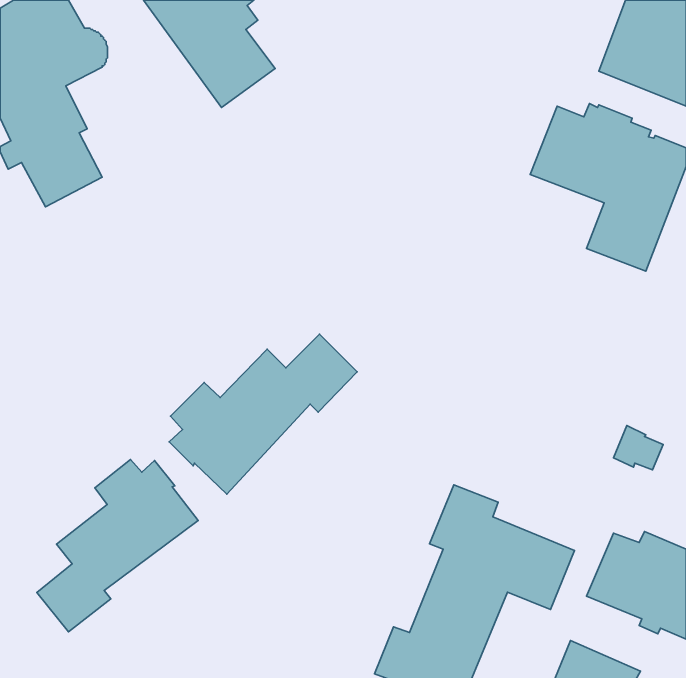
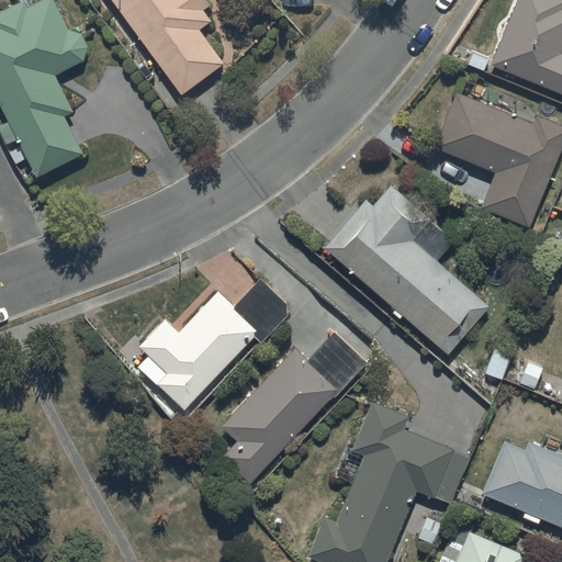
building: none -> [321,186,490,356]
building: none -> [222,331,367,484]
building: [37,459,198,632] -> none

